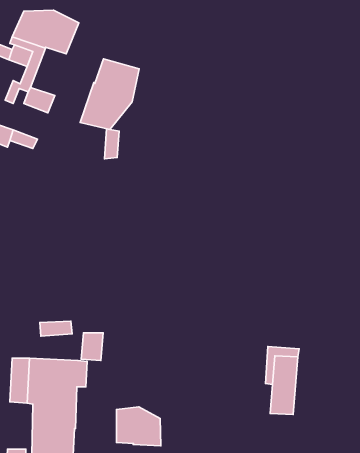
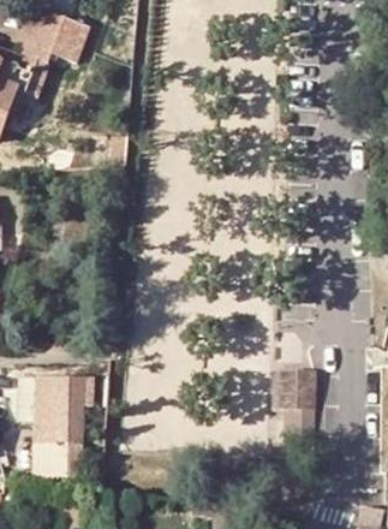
building: [80,59,139,129] -> none
building: [116,407,161,446] -> none

